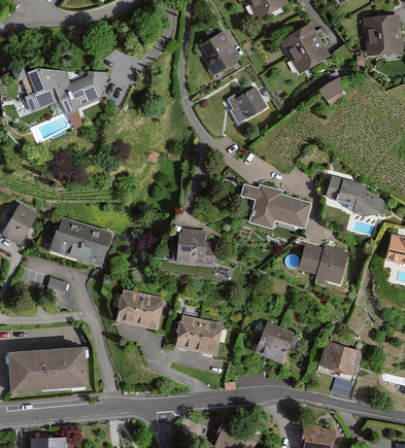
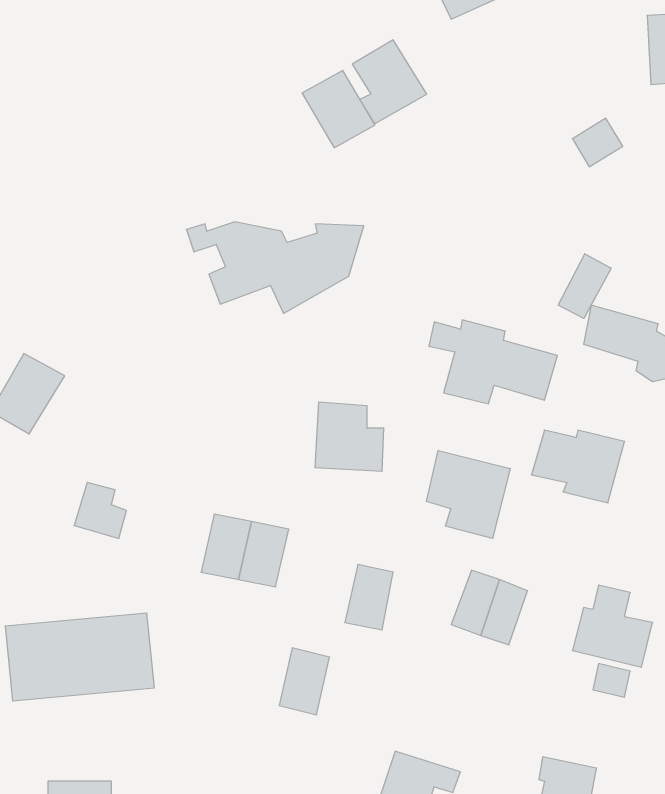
building: [278,24,329,75] -> none
building: none -> [302,70,375,148]
building: [18,71,115,122] -> [186,222,364,313]
building: [234,84,267,118] -> none
building: none -> [558,254,611,318]
building: [50,217,113,269] -> none
building: none -> [427,450,510,538]
building: [174,313,202,350] -> [279,648,330,715]

